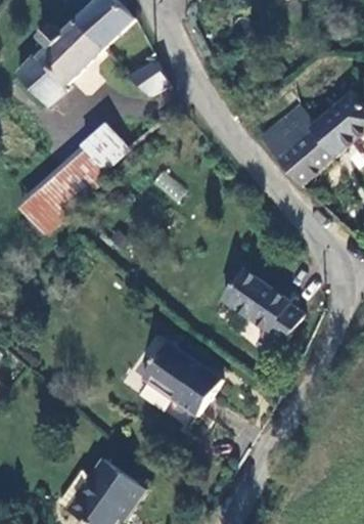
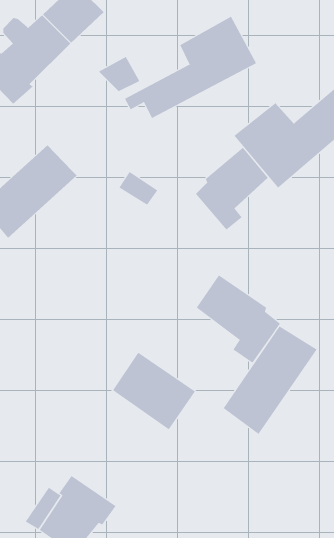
building: none -> [124,16,257,119]
building: [82,115,141,169] -> none
building: none -> [195,147,268,231]
building: none -> [223,326,317,435]

